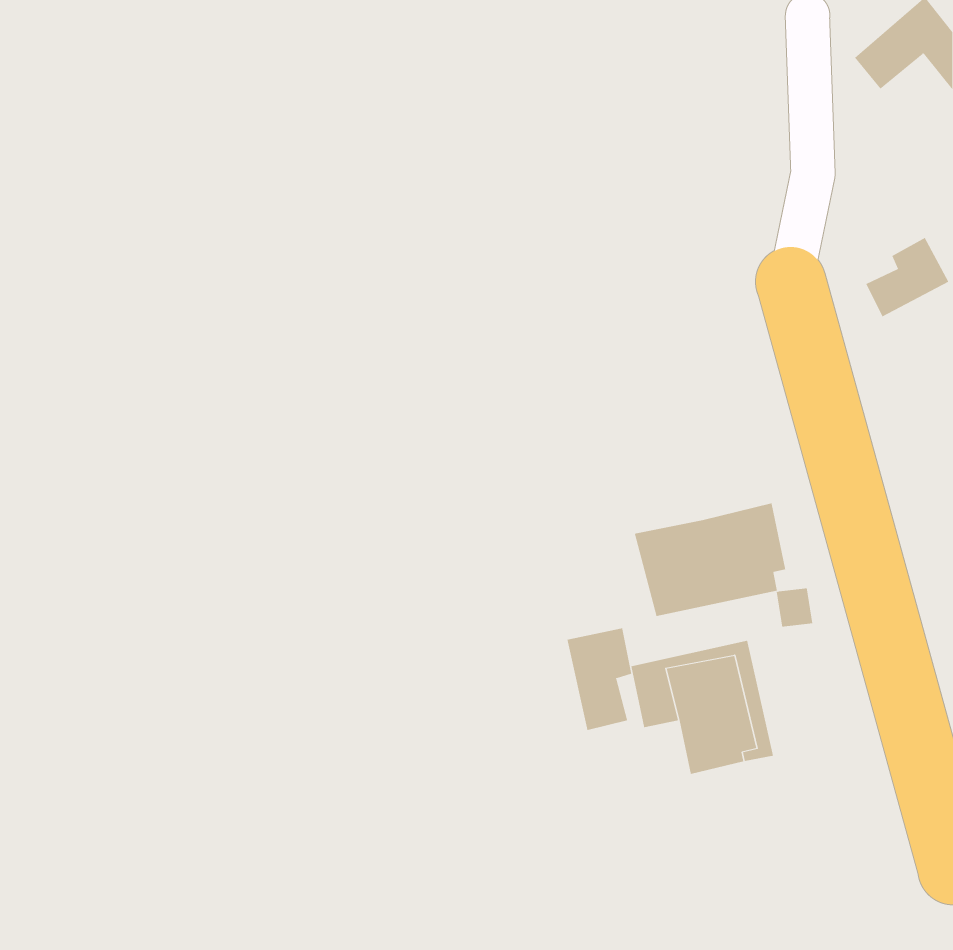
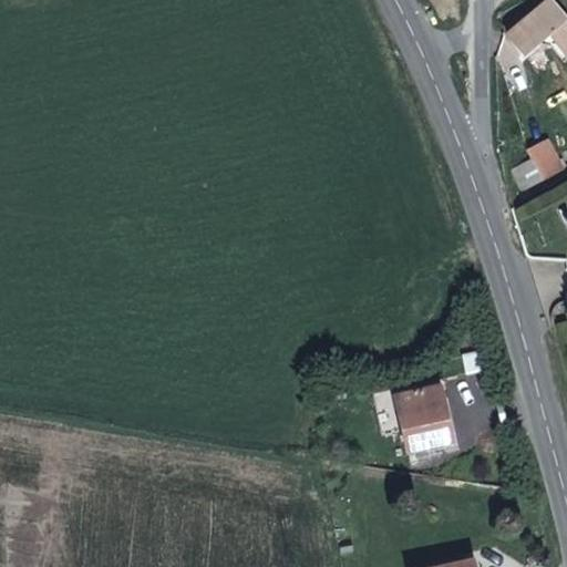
building: [634,502,786,617] -> none
building: [567,627,632,731] -> none

